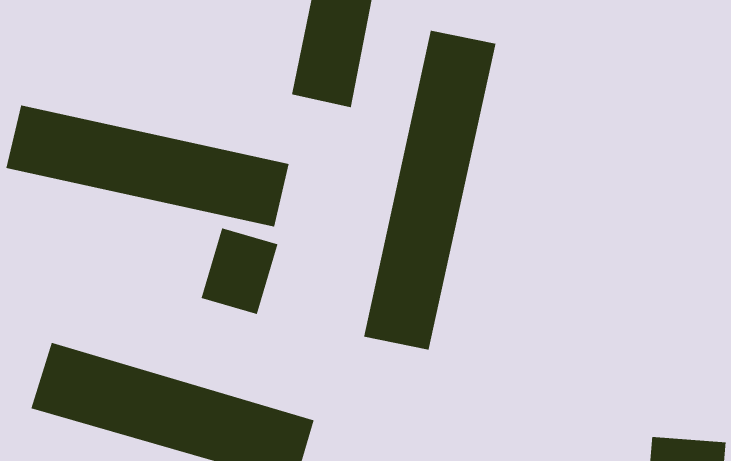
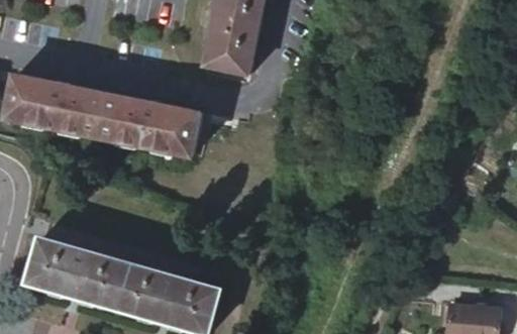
building: [363,30,496,351] -> none
building: [201,228,278,315] -> none

